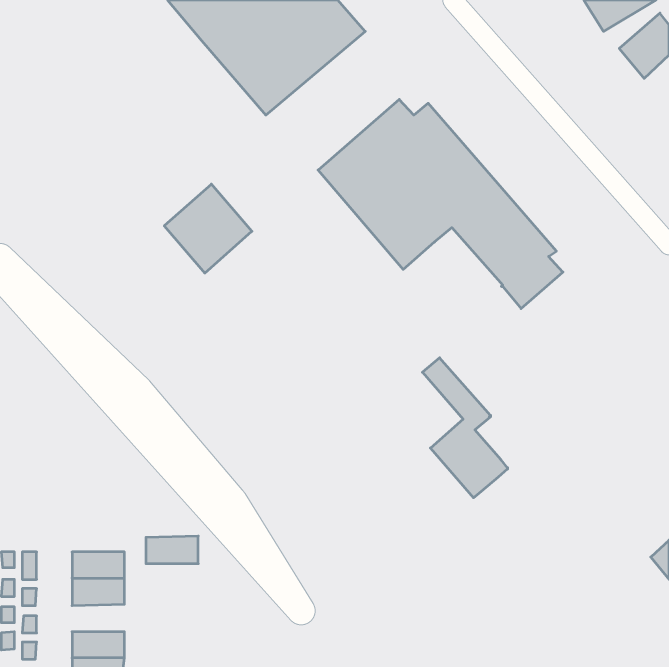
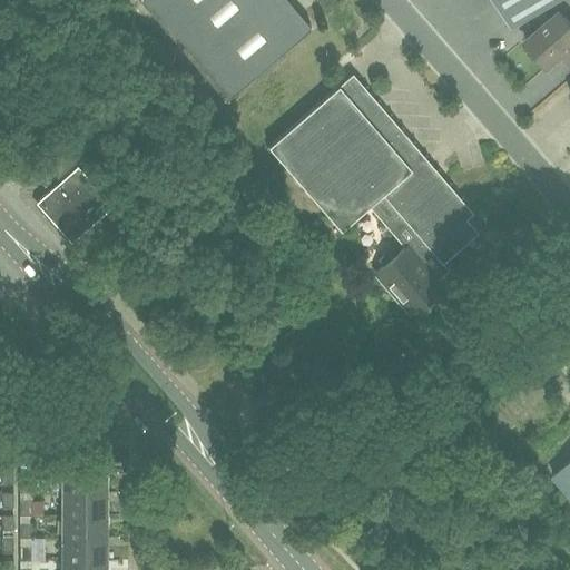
building: [164,184,252,273] -> [39,166,114,242]
building: [422,358,508,498] -> [370,195,442,314]
building: [146,536,198,564] -> [61,515,106,539]

